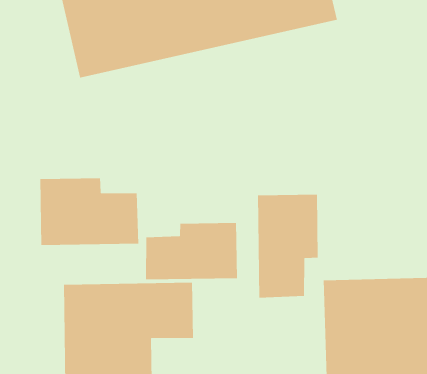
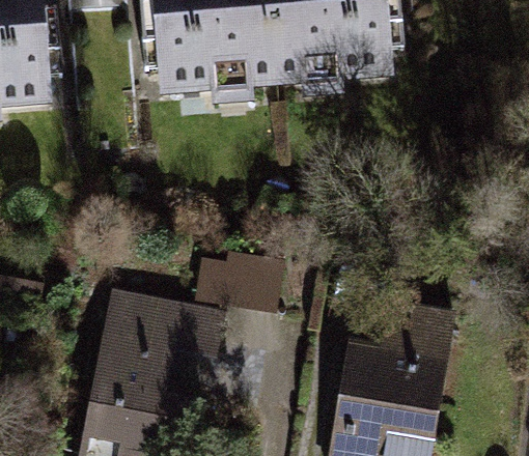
building: [40,178,139,246] -> none
building: [257,194,319,298] -> none

